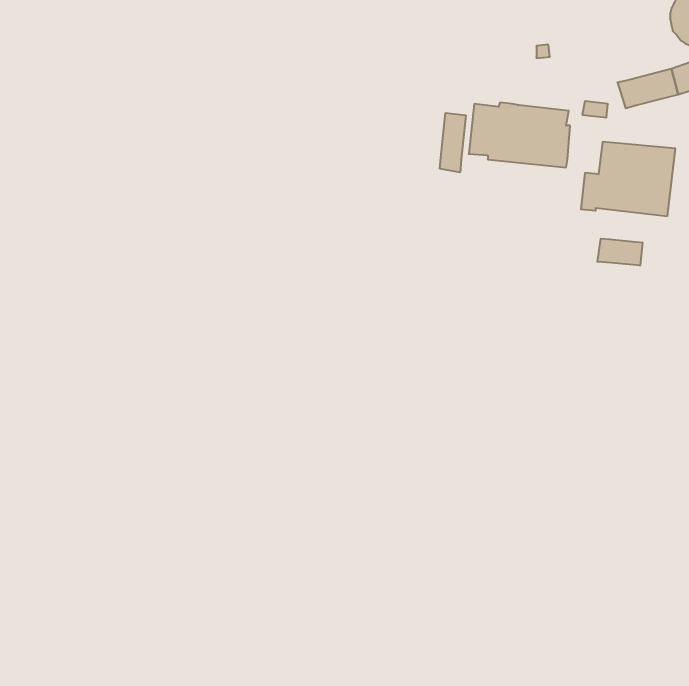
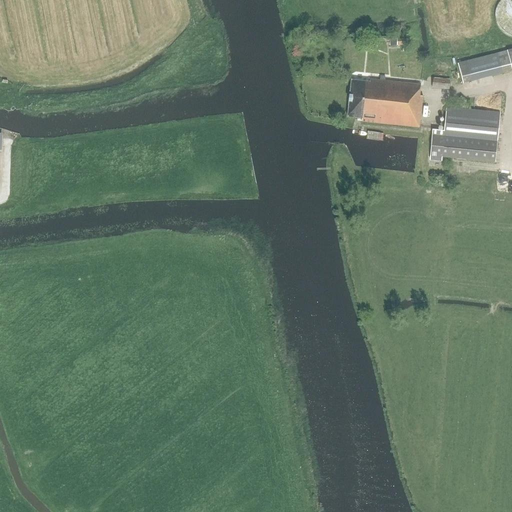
building: [440,113,466,172] -> none
building: [598,239,642,266] -> none

